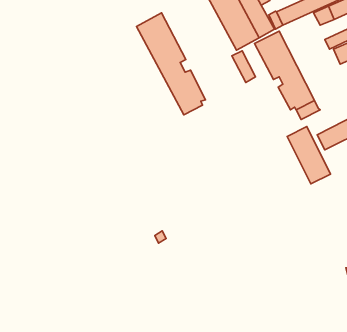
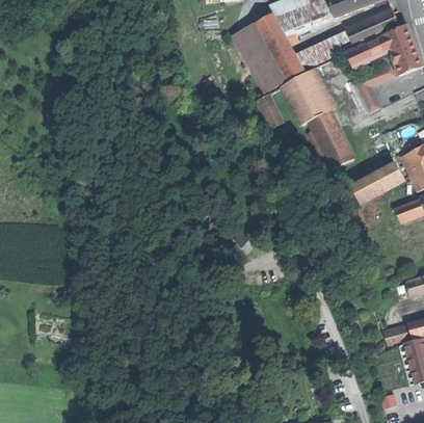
building: [137,13,206,115] -> none
building: [287,127,331,184] -> none

